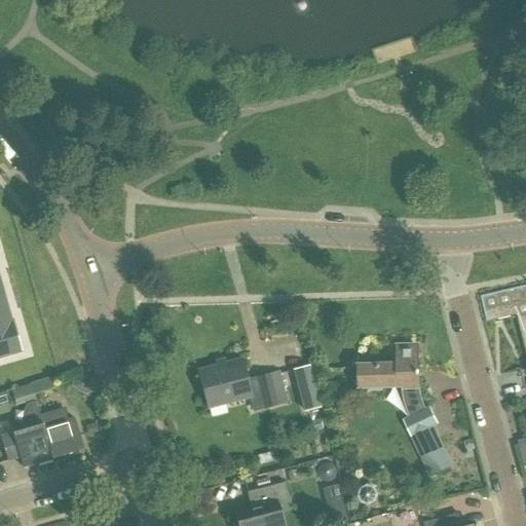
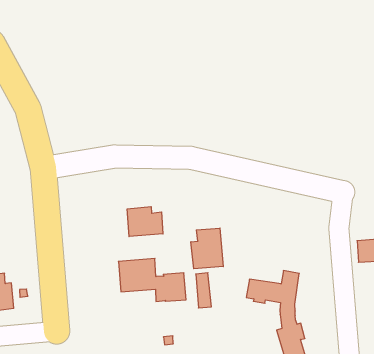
building: none -> [127,207,163,237]
building: none -> [191,228,223,269]

